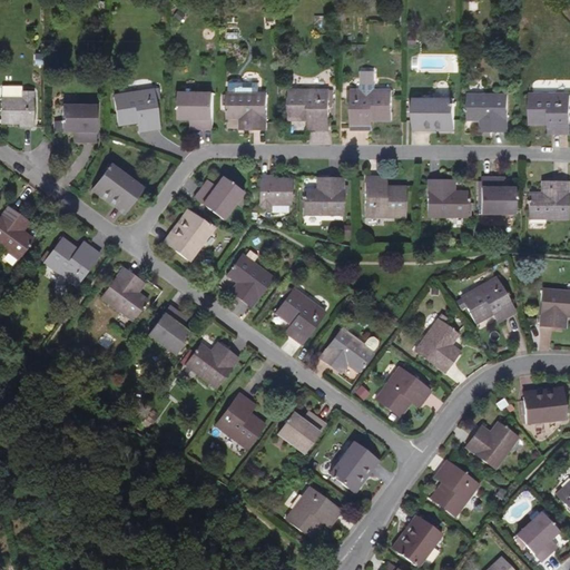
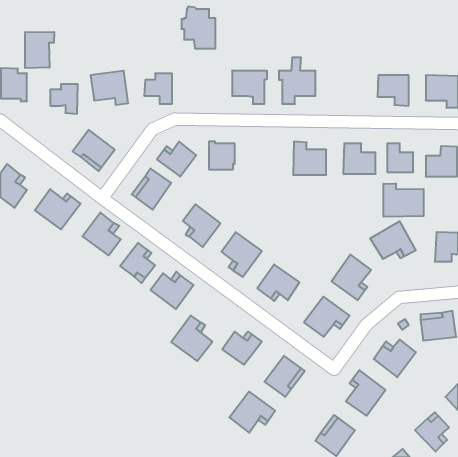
building: none -> [25,32,54,68]
building: [224,77,266,129] -> [181,6,215,49]
building: [414,97,454,129] -> none
building: [303,177,343,215] -> none
building: none -> [383,183,423,217]

